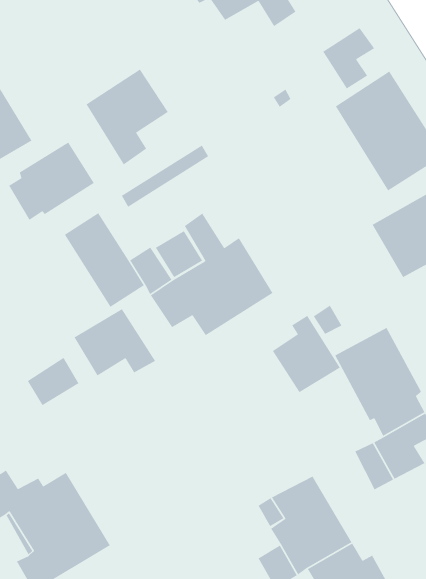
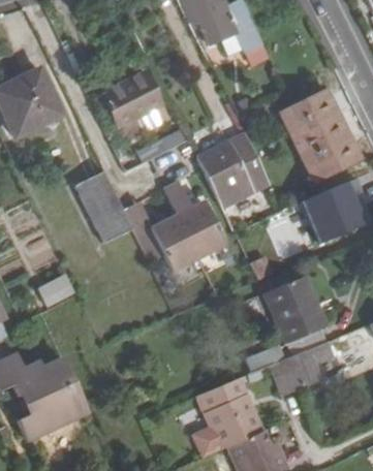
building: [322,27,375,90] -> none
building: none -> [198,134,270,207]
building: [8,141,95,221] -> none
building: [74,308,156,377] -> none
building: [272,315,341,393] -> none

